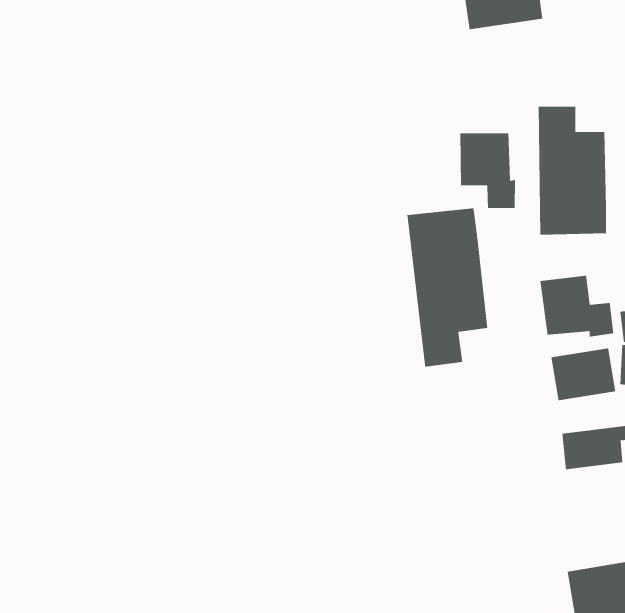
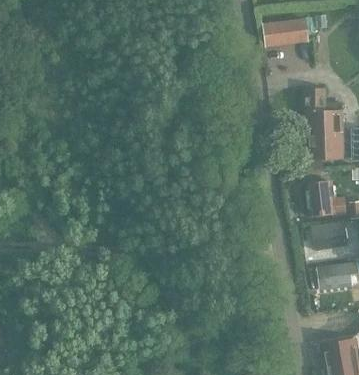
building: [460,132,515,209] -> none
building: [407,208,488,368] -> none

